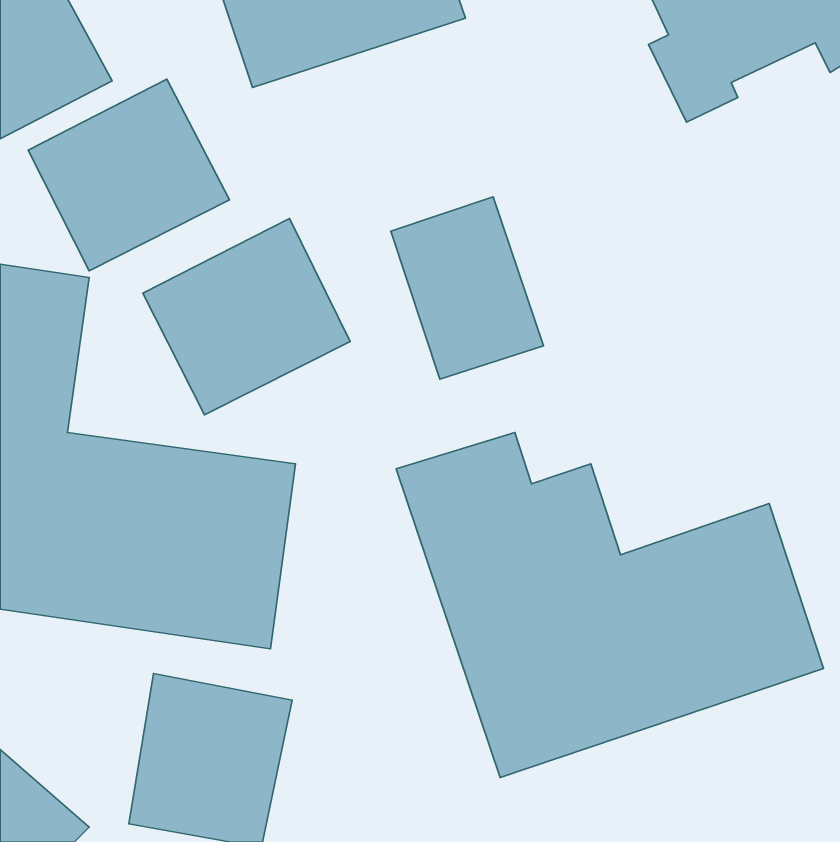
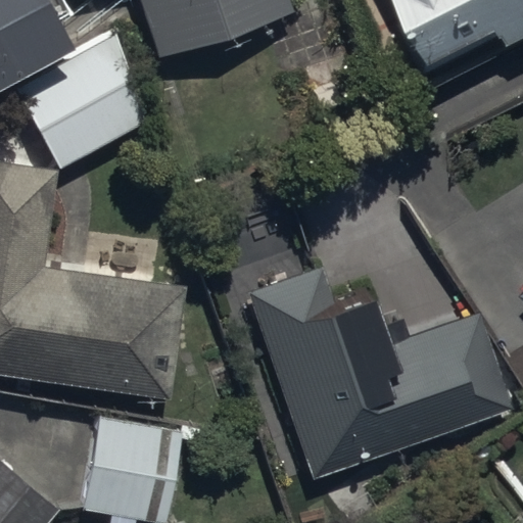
building: [391,197,544,379] -> none
building: [143,218,350,415] -> none

